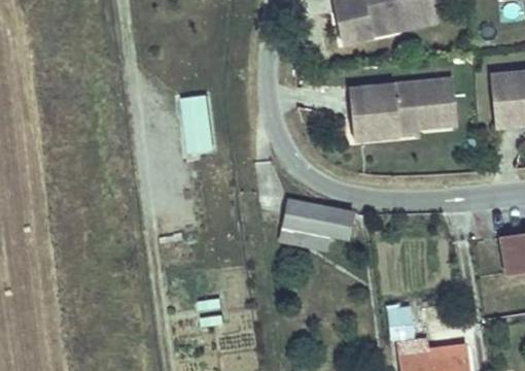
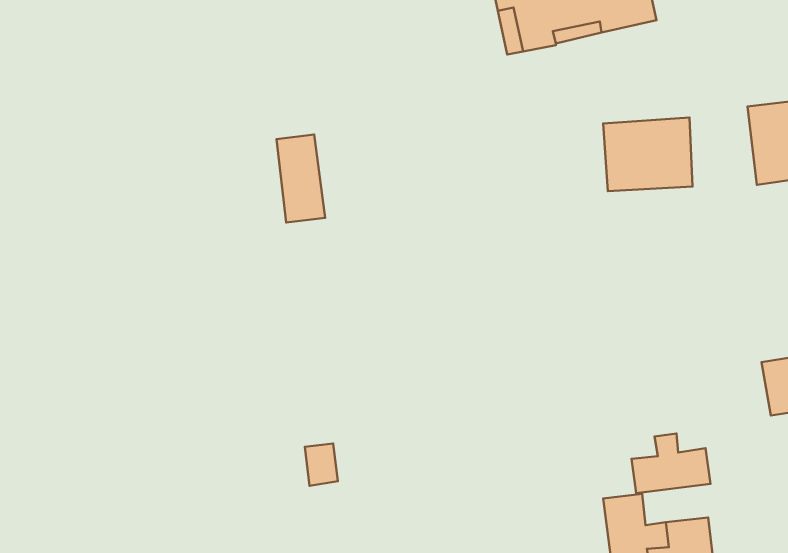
building: [351,87,401,141] -> none
building: [291,202,356,244] -> none
building: none -> [632,434,710,493]

